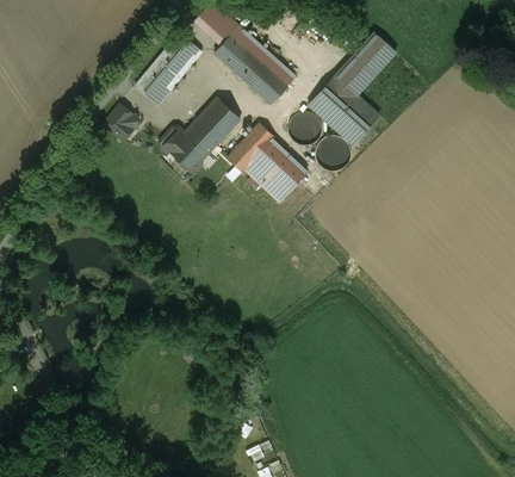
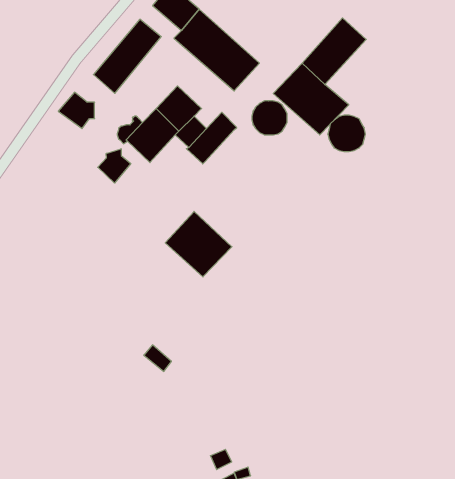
building: [315,136,350,171] -> [328,115,365,152]
building: [243,140,306,202] -> [165,211,232,277]
building: none -> [98,149,131,183]

